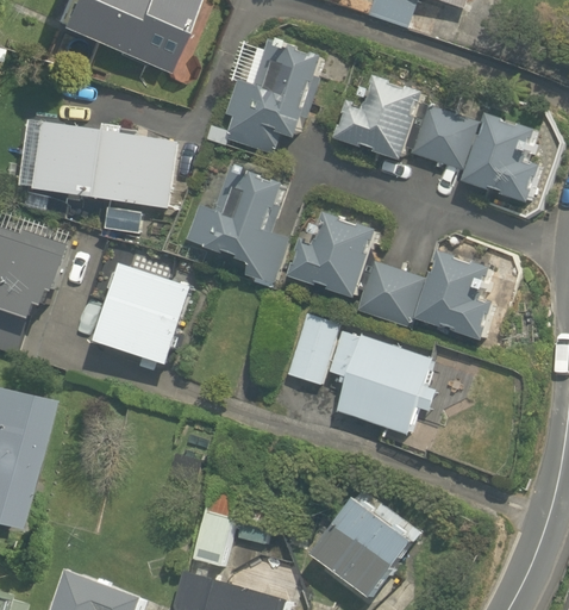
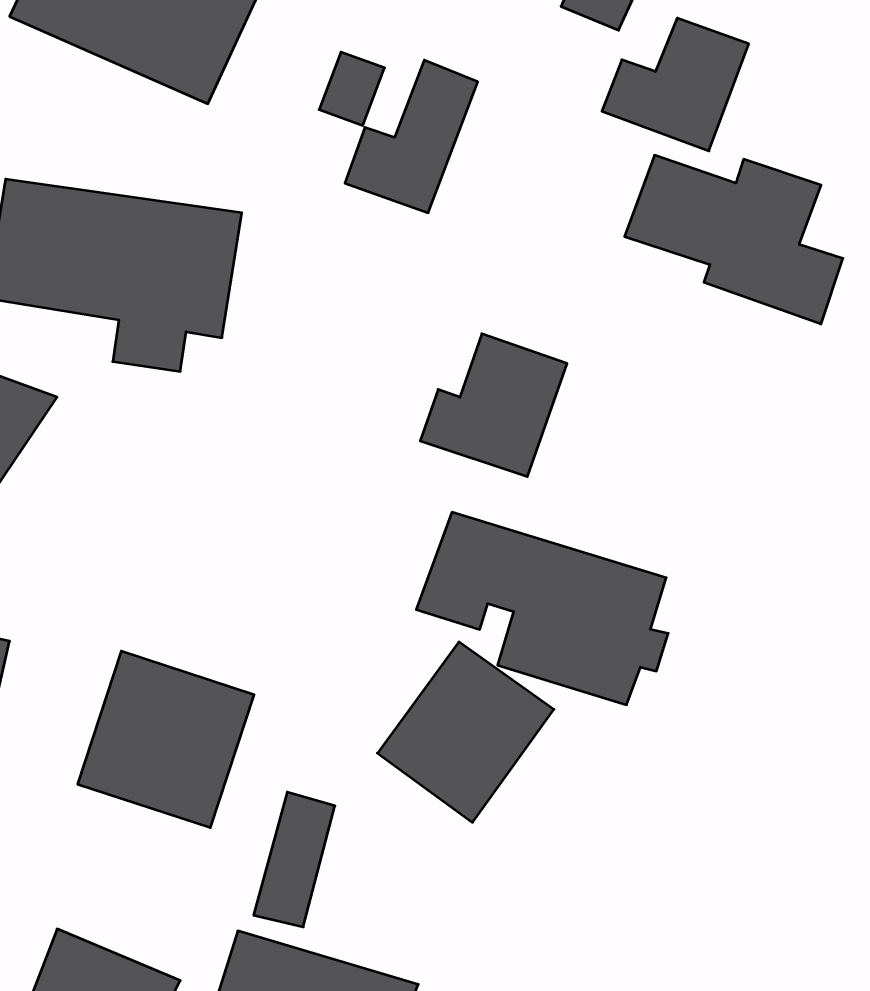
building: [333,79,421,158] -> [602,18,749,151]
building: [188,161,293,286] -> none
building: [361,251,495,340] -> none
building: [89,260,195,366] -> [78,651,254,828]
building: [308,487,414,596] -> [377,642,554,822]

